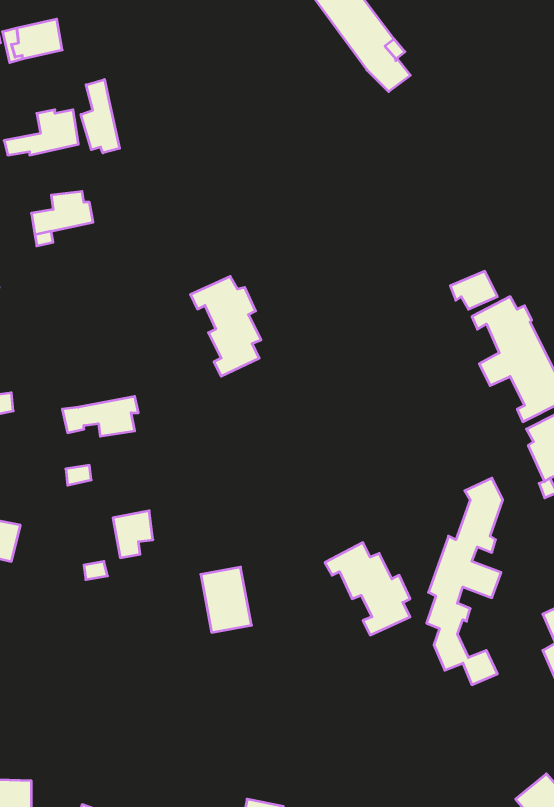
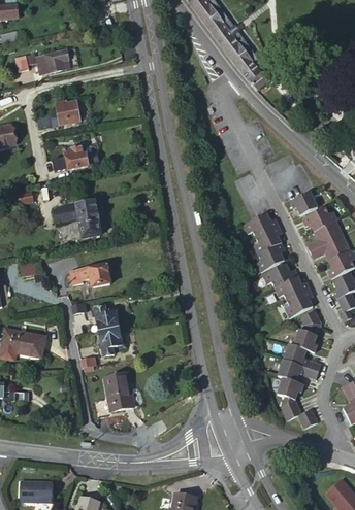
building: [81,79,120,153] -> none
building: [190,276,261,376] -> [245,213,285,270]
building: none -> [57,202,101,237]
building: none -> [95,306,120,333]
building: [325,543,410,635] -> [264,264,313,316]
building: [201,567,252,632] -> [105,373,134,410]

